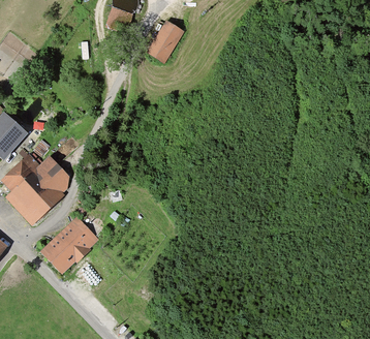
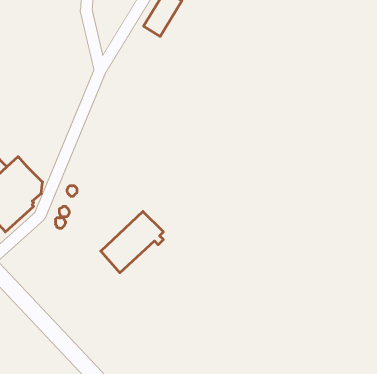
building: [44,220,95,270] -> [101,211,163,273]

